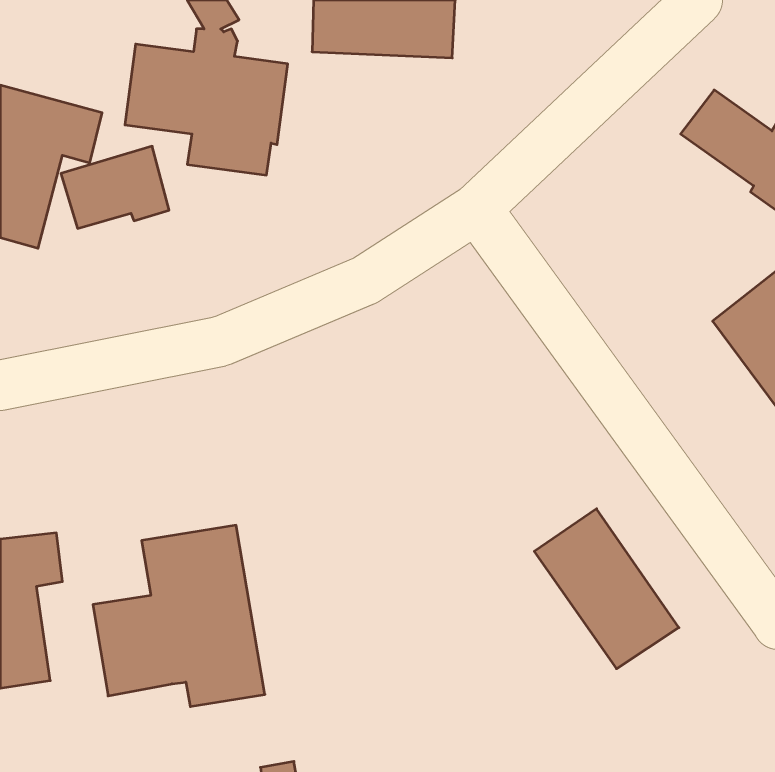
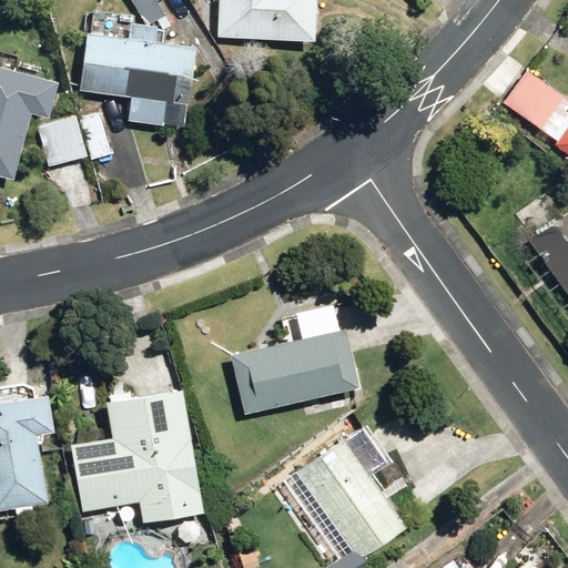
building: none -> [227,324,354,413]
building: [534,509,679,669] -> [295,438,400,555]

